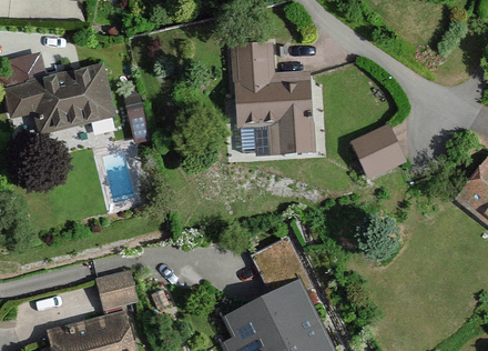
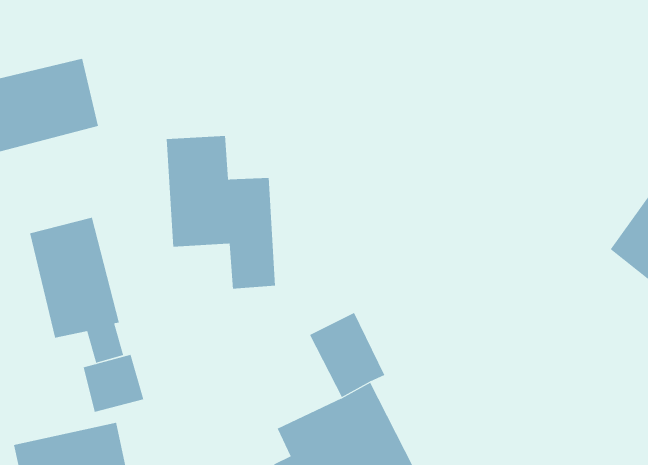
building: [234,47,309,152] -> [166,136,276,289]
building: [357,128,400,174] -> none
building: none -> [29,217,124,364]

